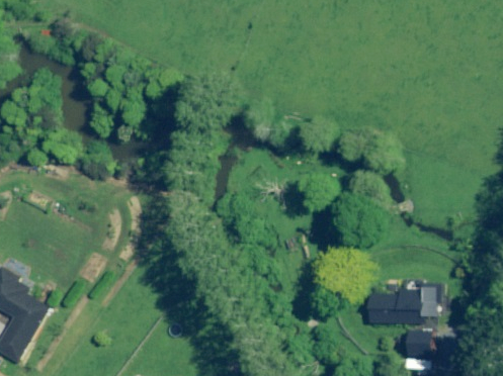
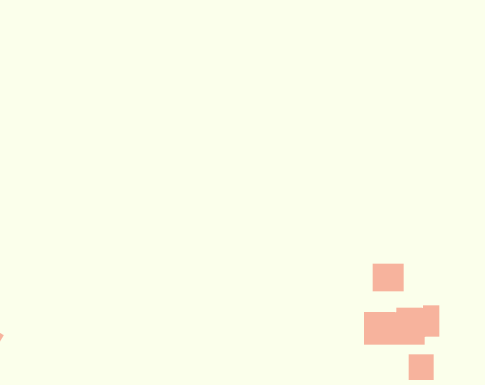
building: none -> [372,263,404,292]

